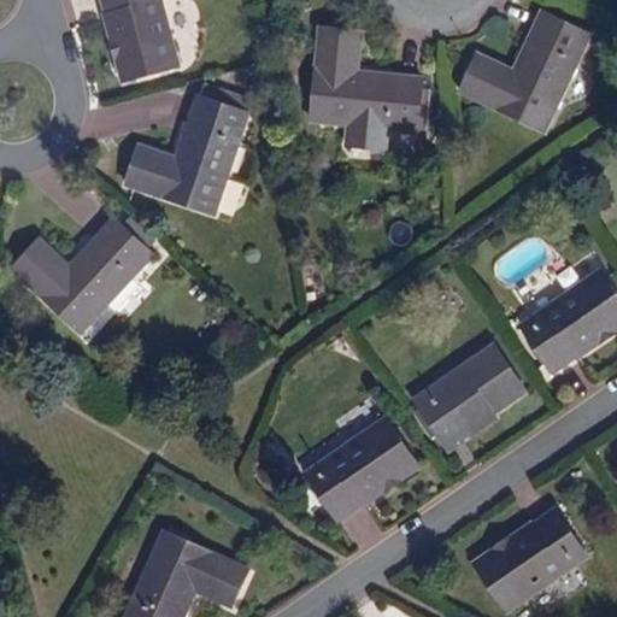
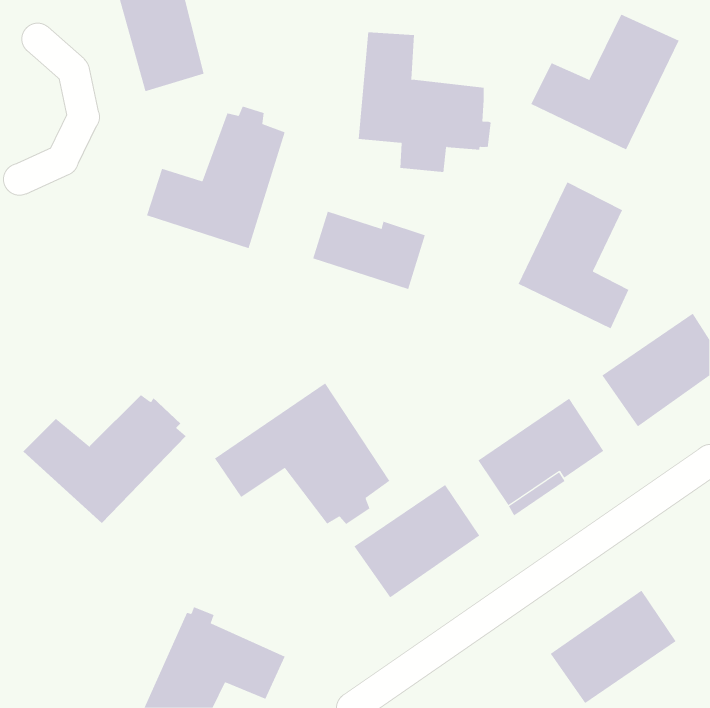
building: none -> [518,182,629,329]
building: none -> [313,211,425,290]
building: [10,219,152,331] -> [22,394,187,524]
building: none -> [214,382,390,525]

